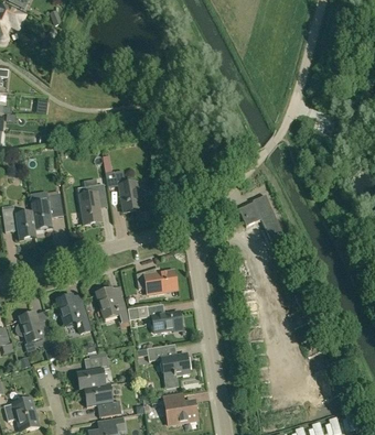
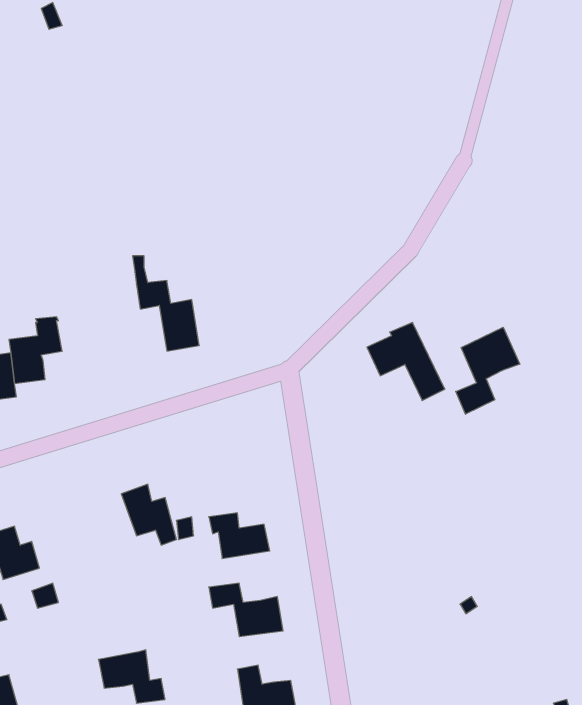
building: [79,183,107,224] -> none
building: none -> [456,327,520,414]
building: [136,268,175,293] -> none
building: [57,294,89,331] -> none
building: [76,351,109,389] -> none

